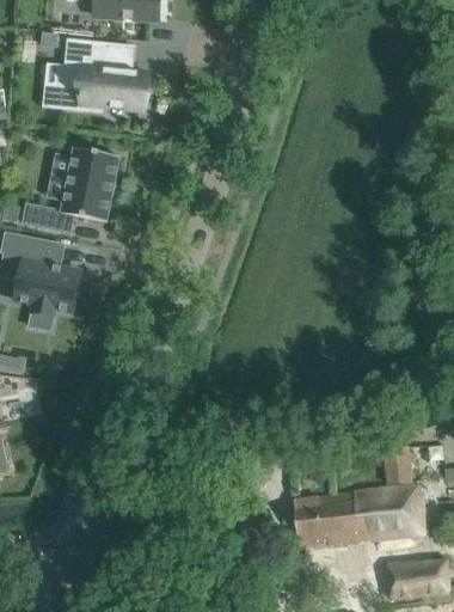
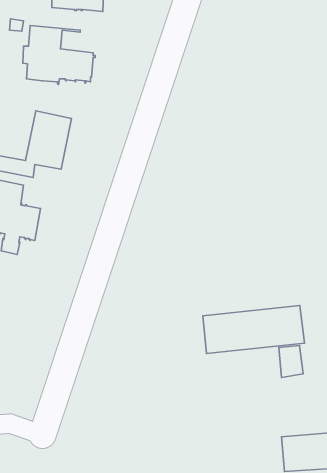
building: [294,486,423,547] -> [203,305,304,353]

